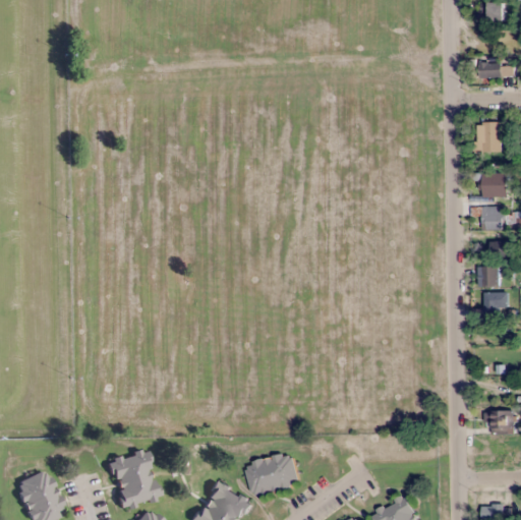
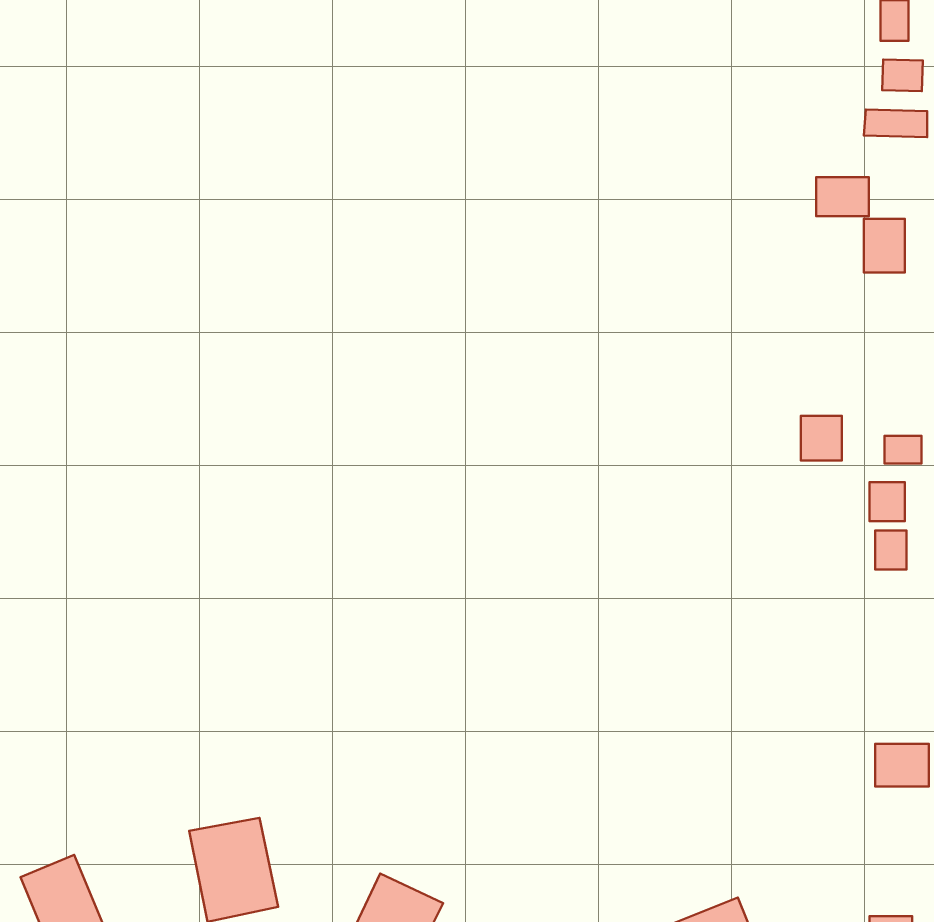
building: none -> [882,59,923,91]
building: none -> [816,177,869,216]
building: [481,173,508,196] -> none
building: [481,206,504,230] -> [801,416,842,461]
building: [243,452,298,496] -> none

